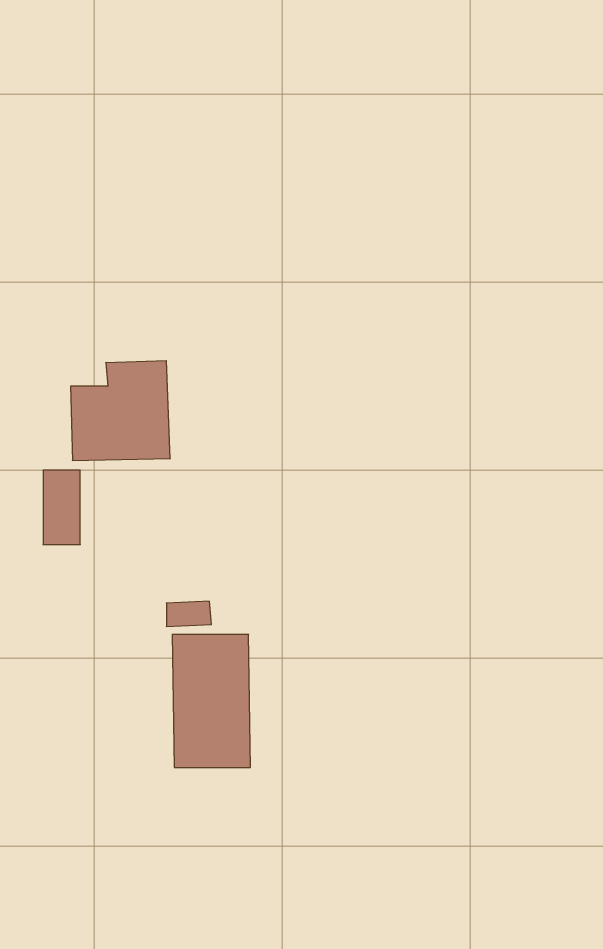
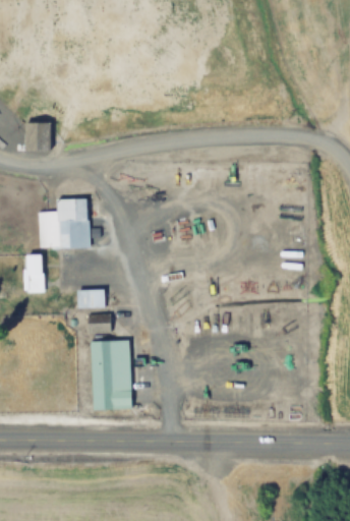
building: none -> [25,121,51,151]
building: none -> [77,290,106,308]

